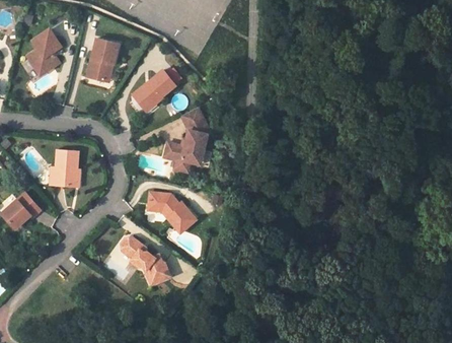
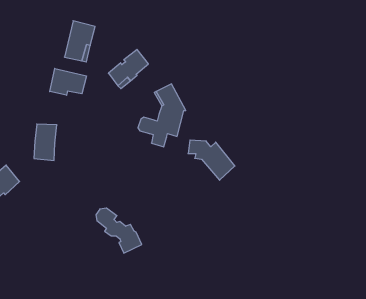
building: [28,29,62,75] -> none
building: none -> [50,68,86,95]
building: [144,192,194,234] -> [188,140,235,180]

